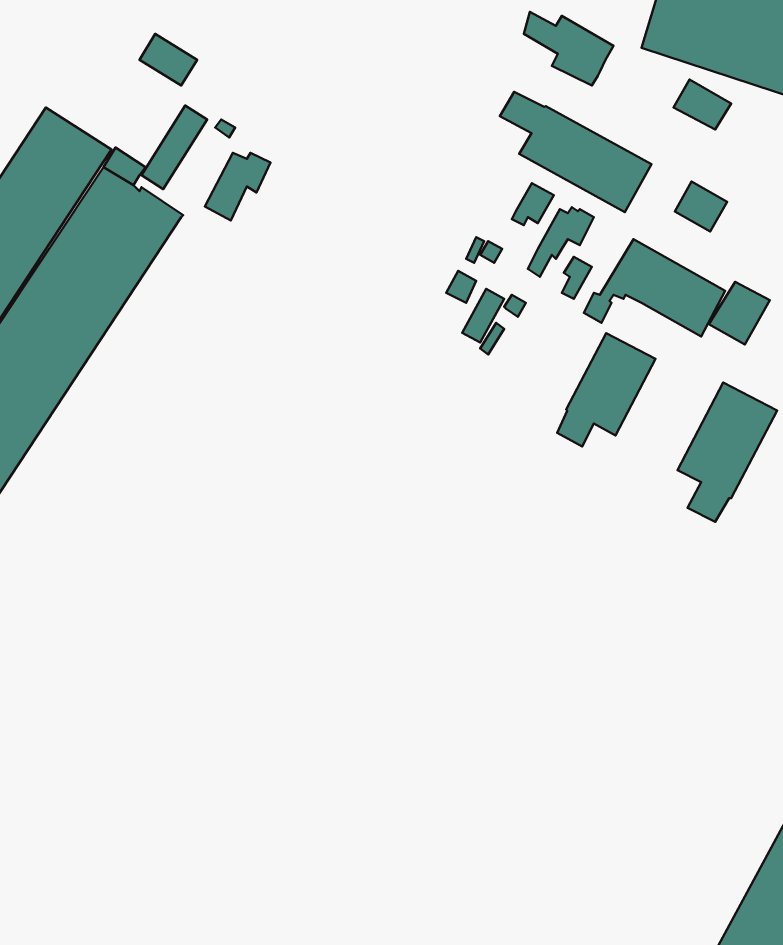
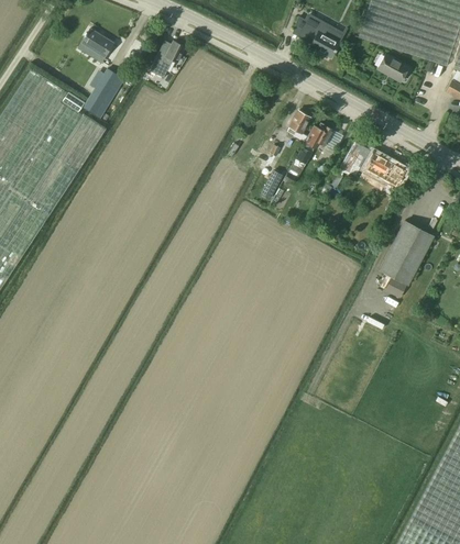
building: [500,92,651,212] -> none
building: [205,153,271,220] -> [150,41,186,78]
building: [675,182,727,231] -> none
building: [709,282,770,344] -> none
building: [557,333,655,447] -> none

